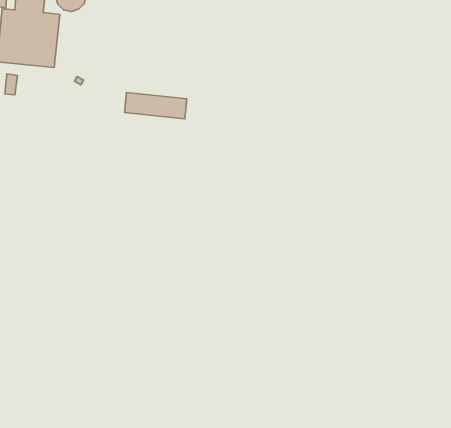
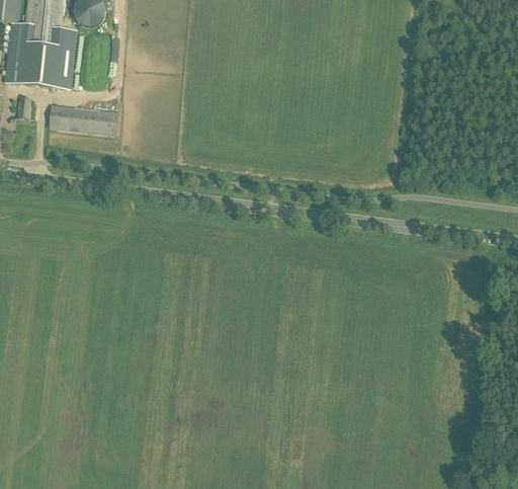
building: [125,92,187,119] -> [49,104,117,134]

